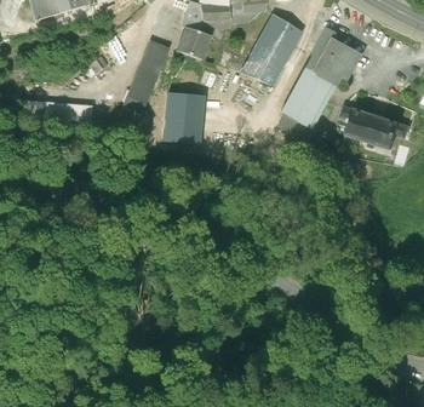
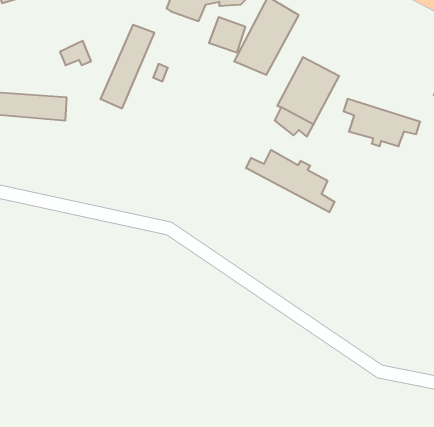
building: [177,27,210,58] -> [209,17,245,52]
building: [304,27,359,85] -> none
building: [165,92,205,137] -> none
building: none -> [246,150,335,212]

